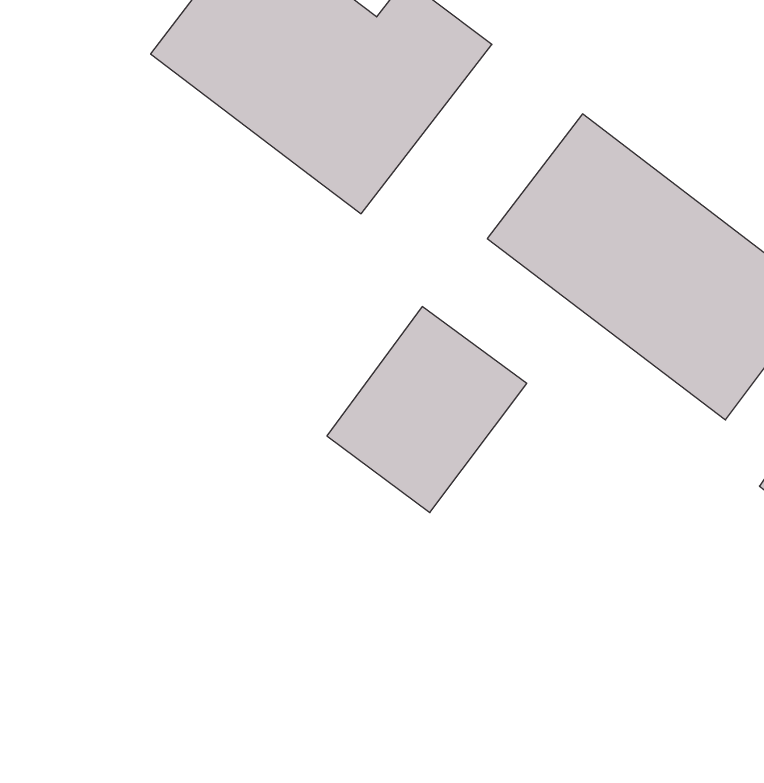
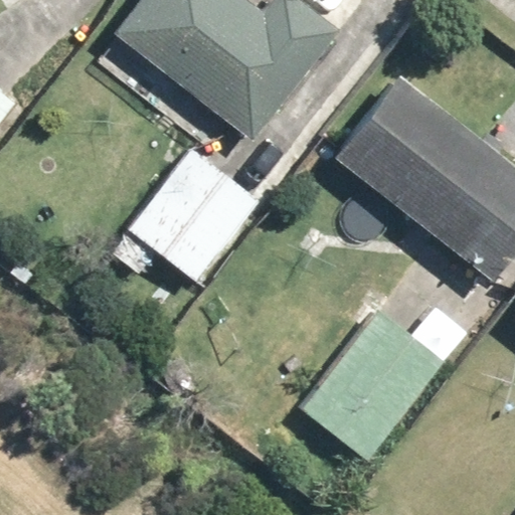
building: [327,307,527,513] -> [130,147,261,282]
building: none -> [298,307,448,465]

